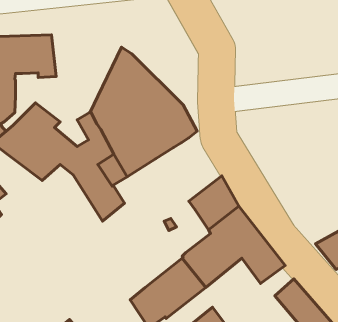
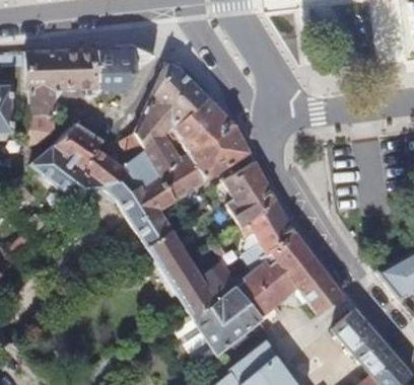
building: none -> [94,47,156,93]
building: none -> [224,160,277,227]
building: none -> [149,229,238,319]

